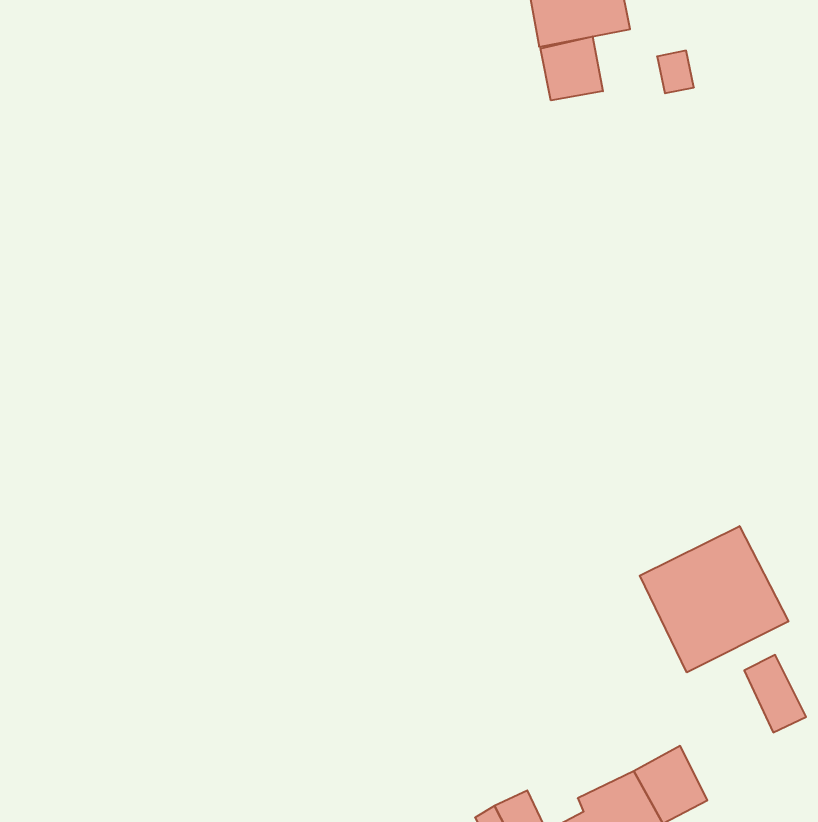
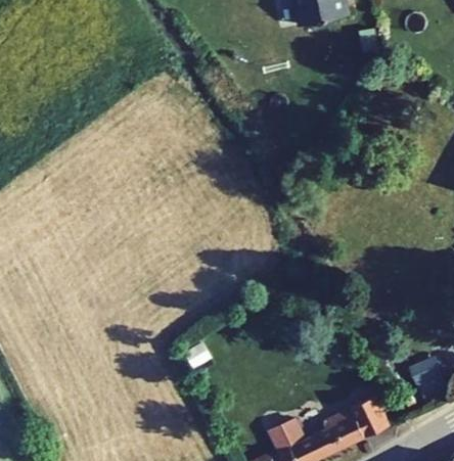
building: [540,36,603,100] -> none
building: [640,526,788,672] -> none

